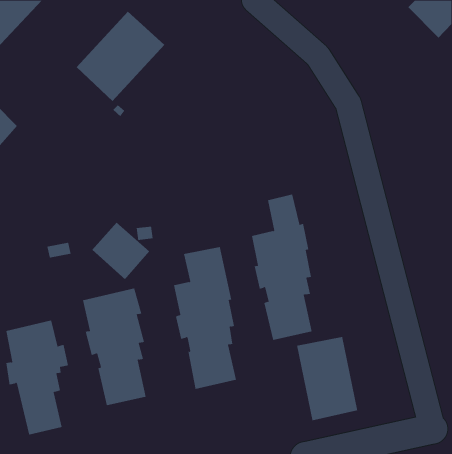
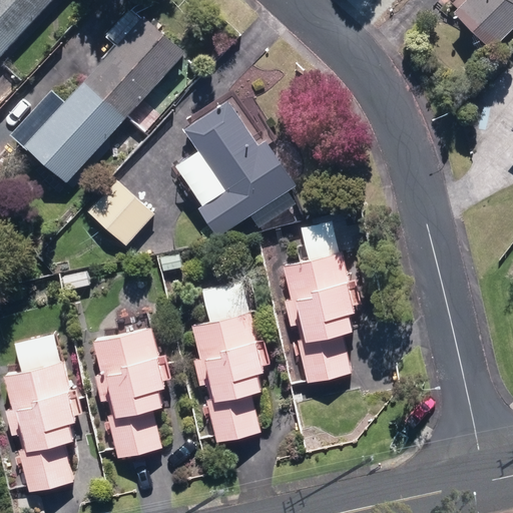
building: none -> [27,80,126,181]
building: none -> [179,101,296,235]
building: [91,222,150,280] -> [84,180,150,245]
building: [296,336,358,421] -> none

